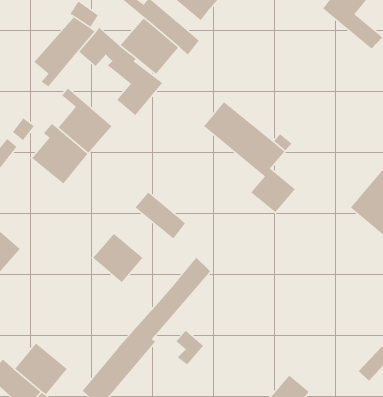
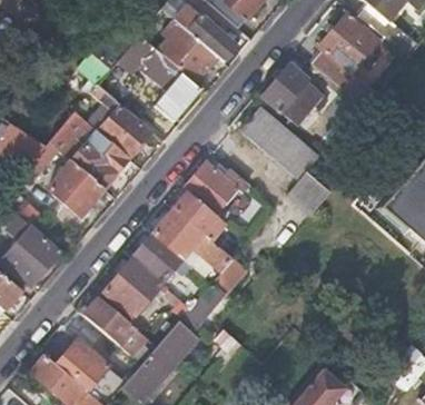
building: none -> [312,13,377,106]
building: none -> [263,65,323,125]
building: none -> [50,161,105,215]
building: none -> [182,161,248,217]
building: none -> [154,209,233,271]
building: none -> [105,258,190,317]
building: none -> [83,298,135,345]

